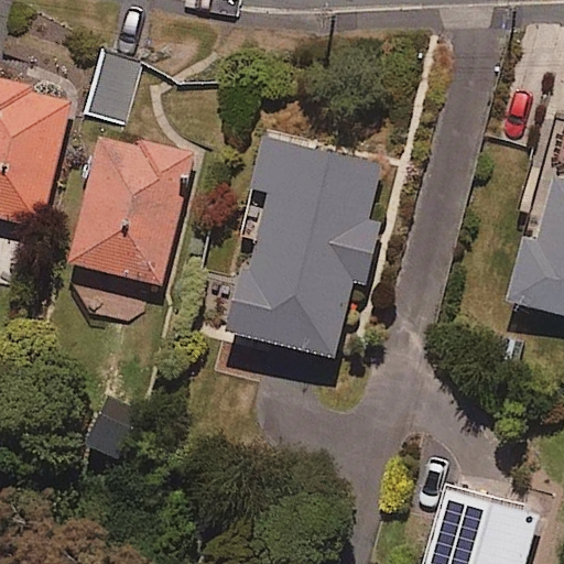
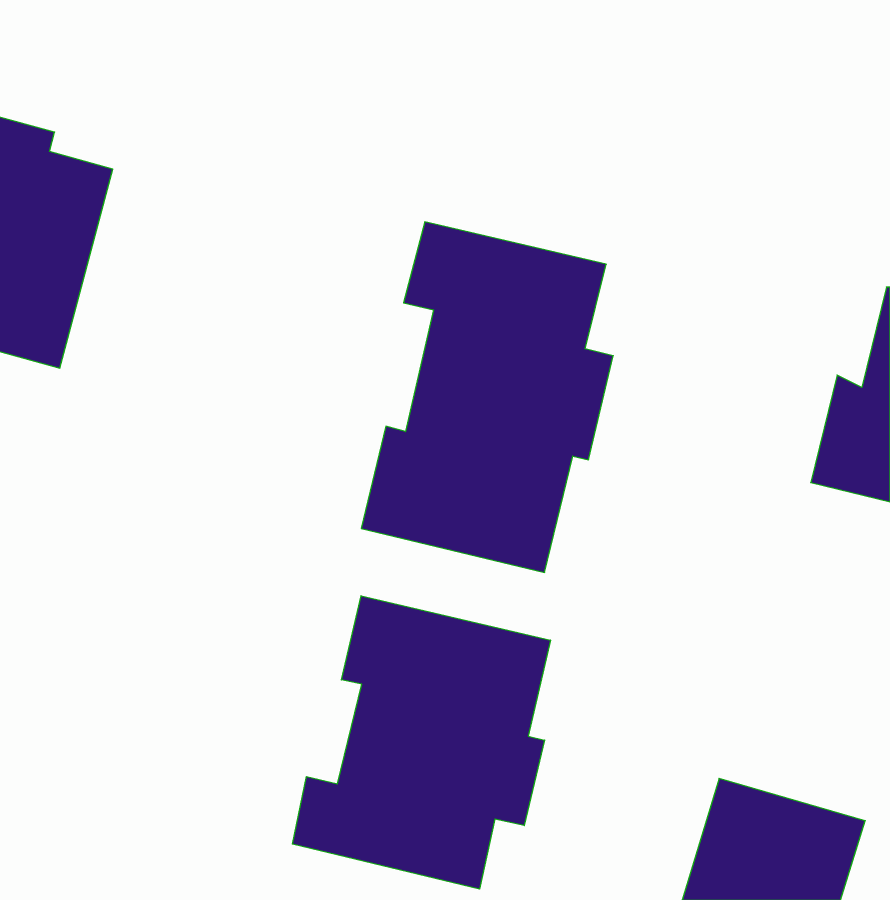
building: [63,134,191,286] -> none
building: none -> [292,596,550,889]

